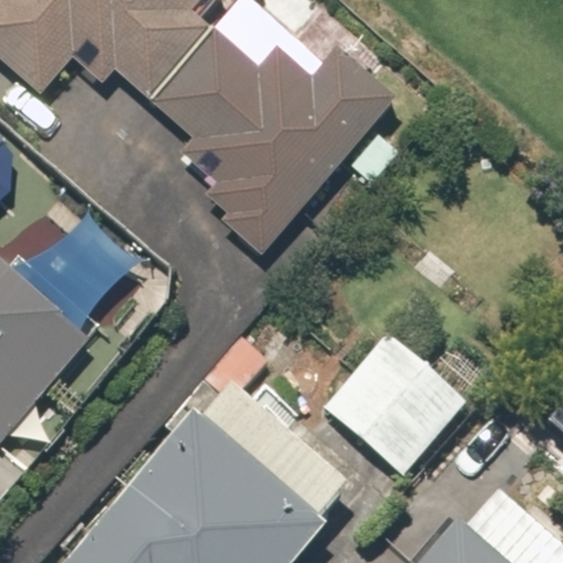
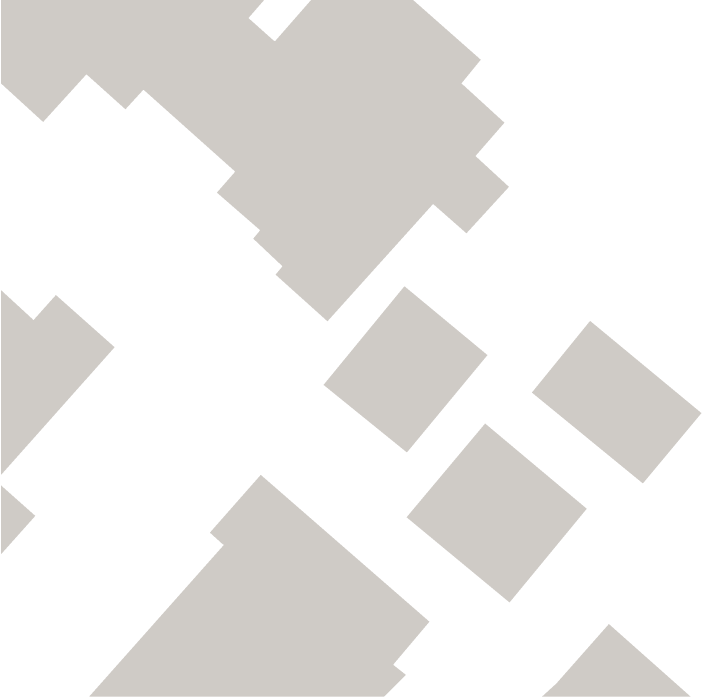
building: none -> [323,285,488,453]
building: none -> [531,320,702,485]

